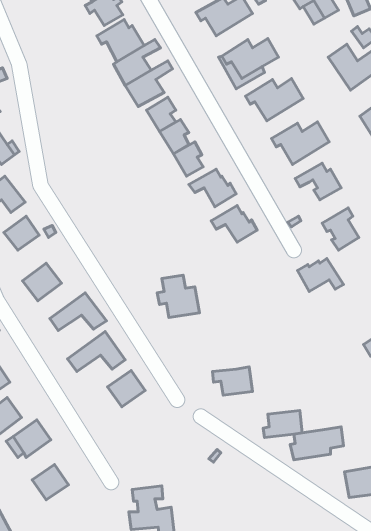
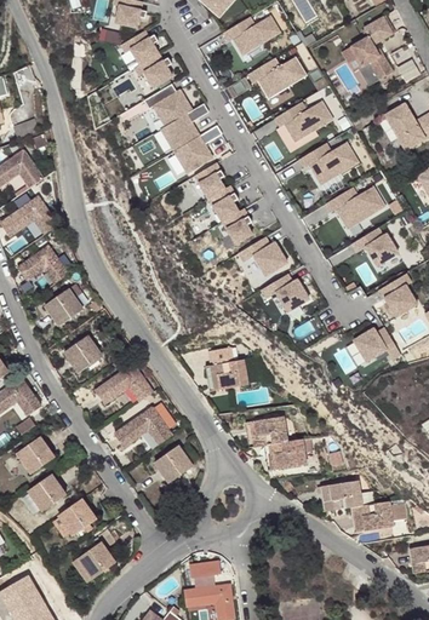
building: none -> [247,417,287,447]

